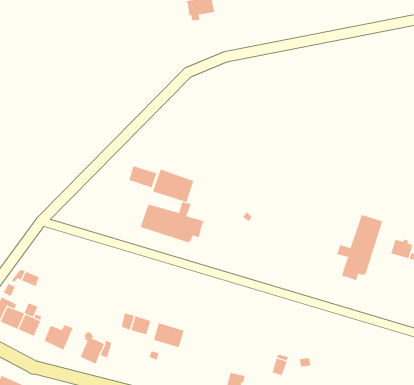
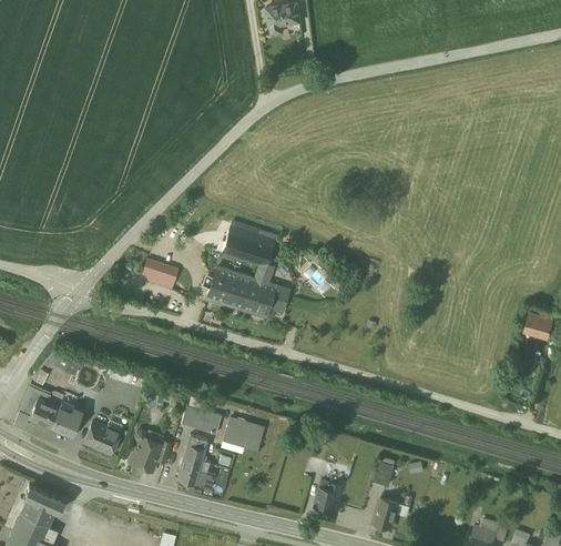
building: [128,165,157,188] -> [141,259,177,287]
building: [336,214,383,281] -> none
building: none -> [179,434,214,487]

